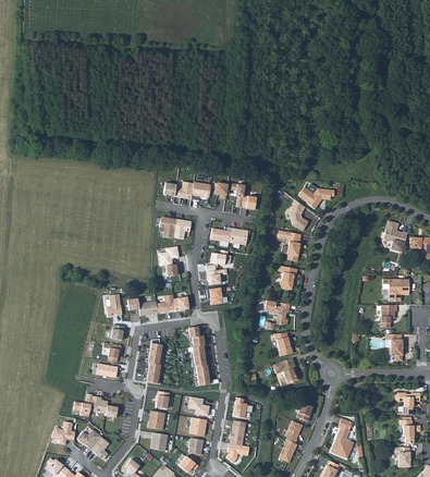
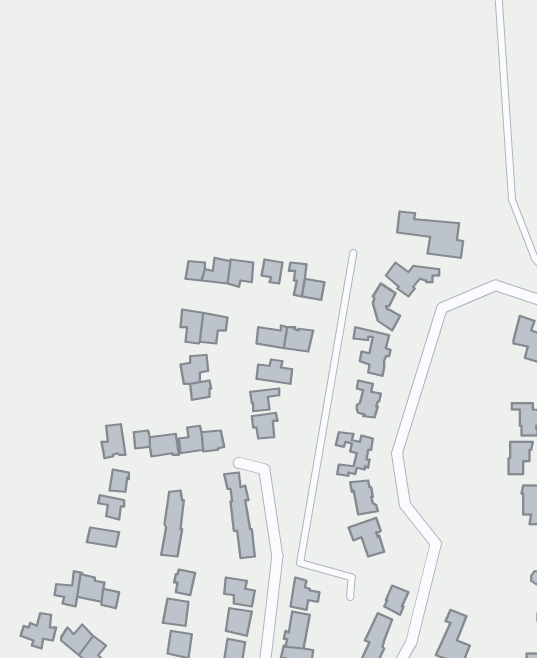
building: none -> [397,211,463,258]

